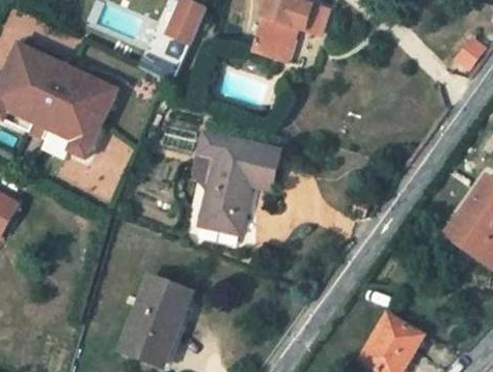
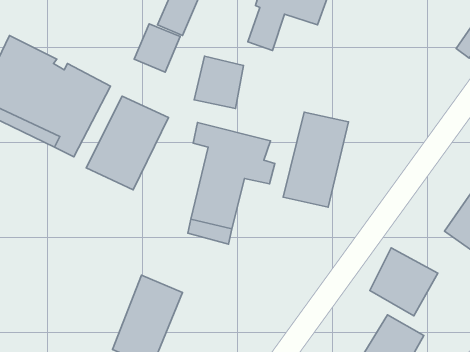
building: none -> [194,56,244,109]
building: none -> [86,96,168,190]
building: none -> [283,112,348,207]
building: none -> [370,248,438,316]

